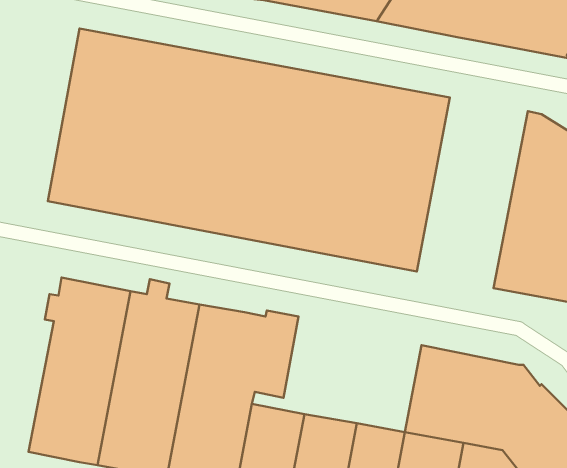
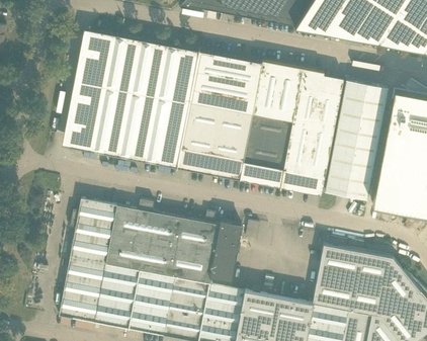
building: none -> [325,80,388,199]

